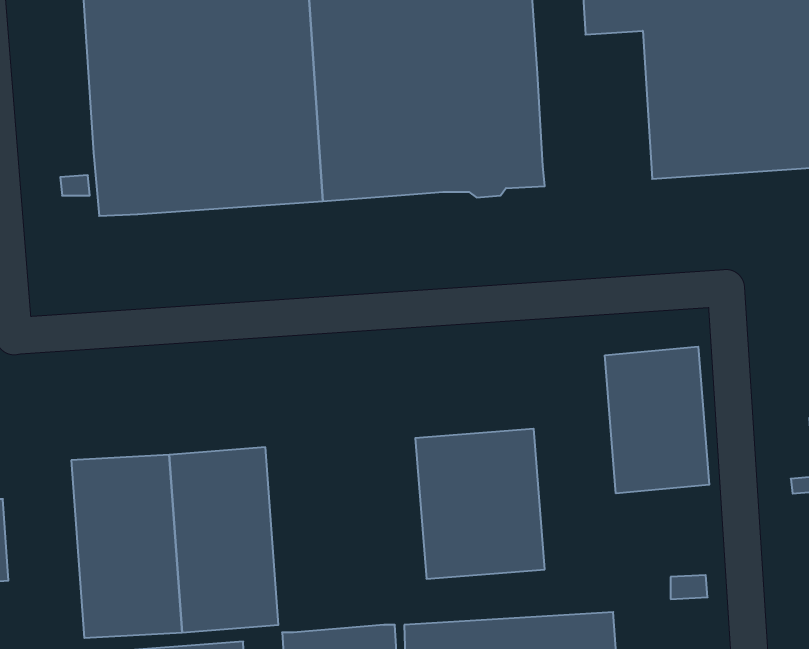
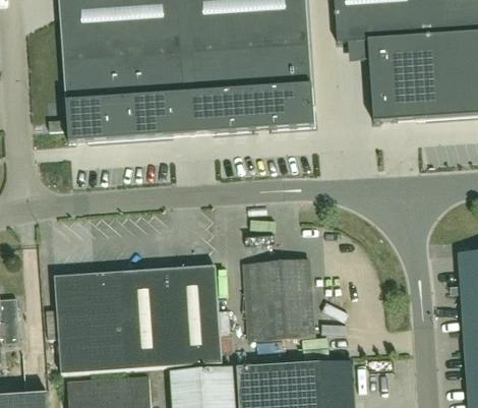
building: [605,347,709,493] -> none
building: none -> [161,265,222,366]

